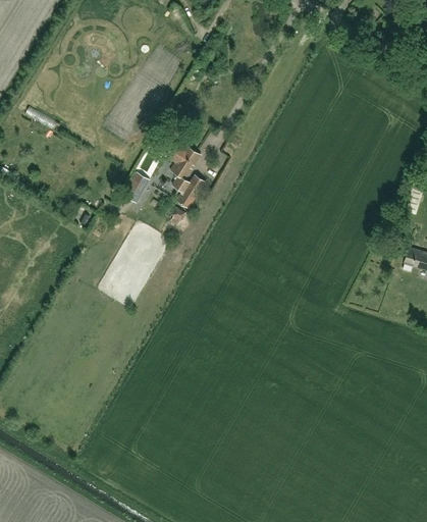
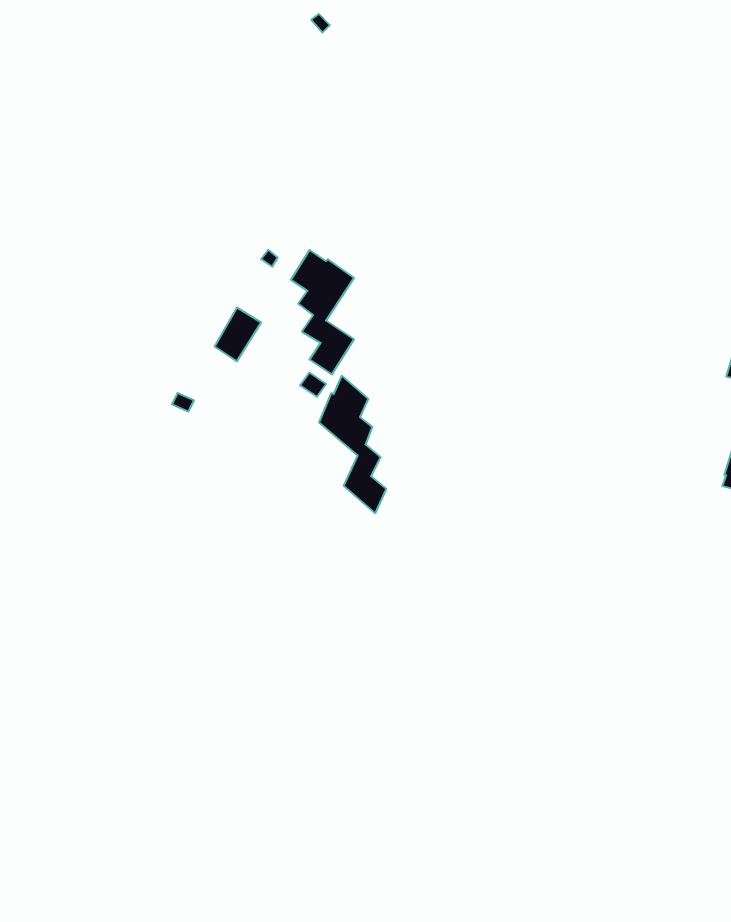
building: none -> [319,376,386,513]

